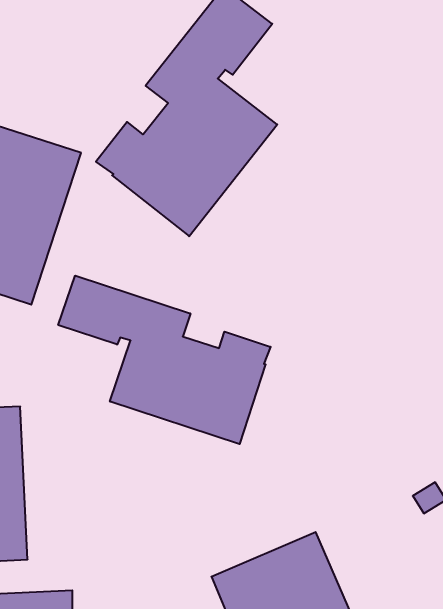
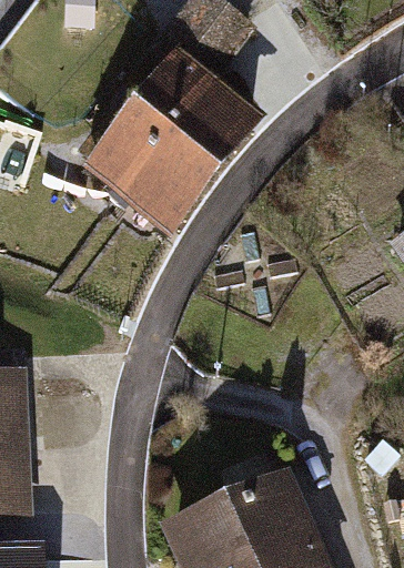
building: [58,276,271,444] -> none

